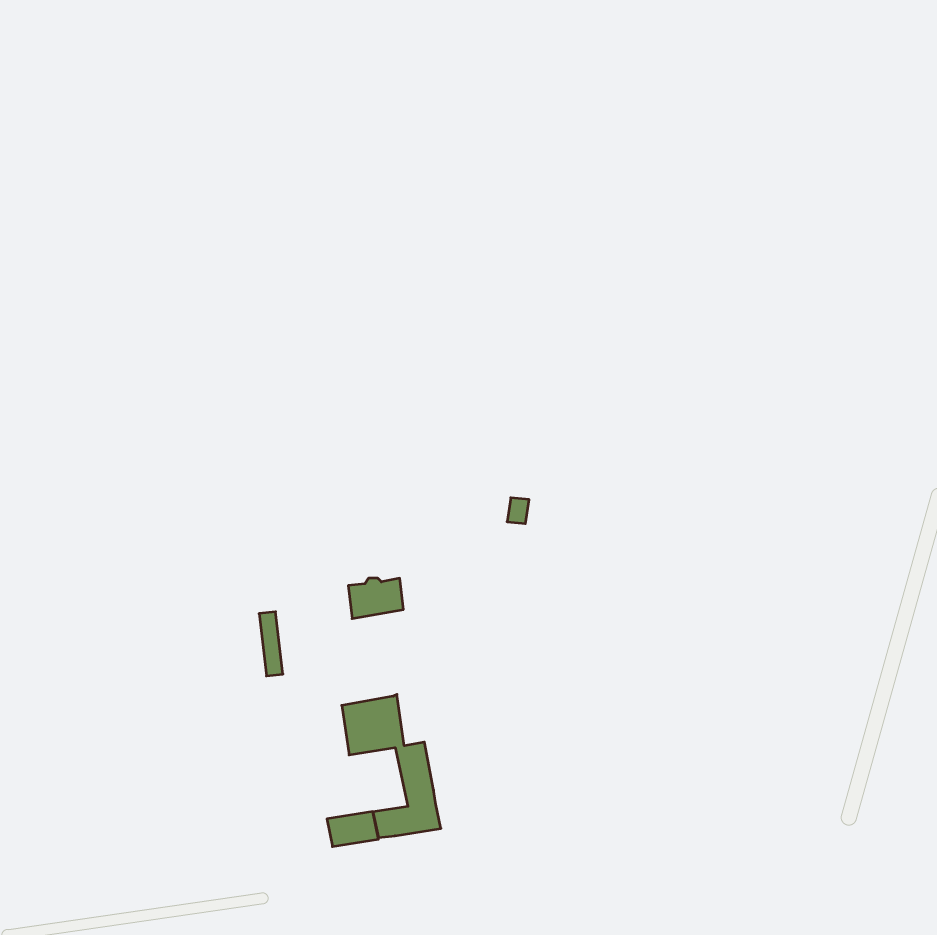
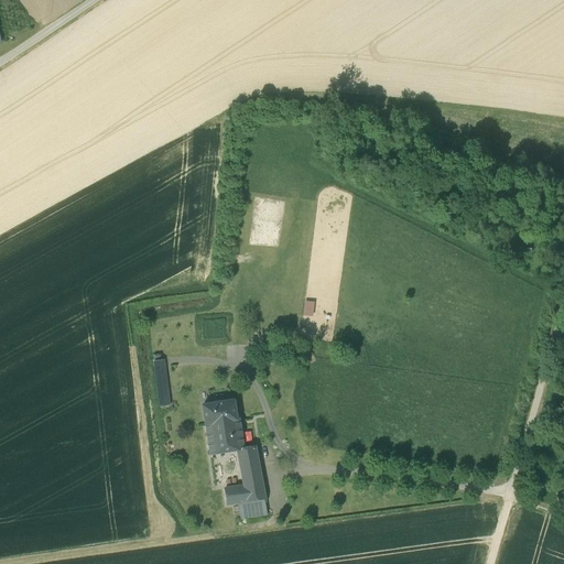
building: [348,578,403,619] -> [204,399,237,423]
building: [327,812,378,847] -> [238,497,269,518]

